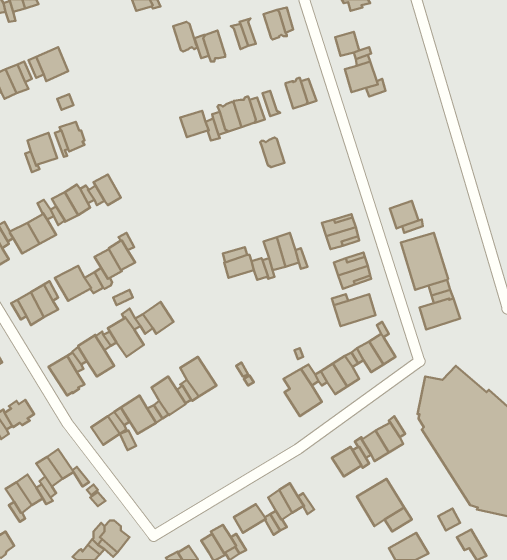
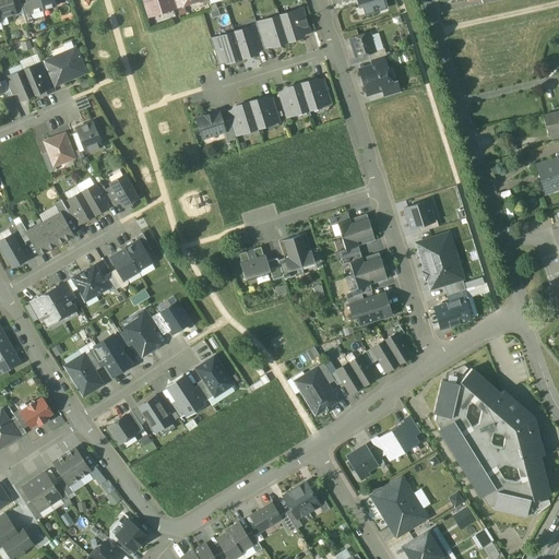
building: none -> [264,15,287,46]
building: [173,22,197,51] -> [234,27,258,57]
building: [260,138,284,167] -> [285,84,309,114]

